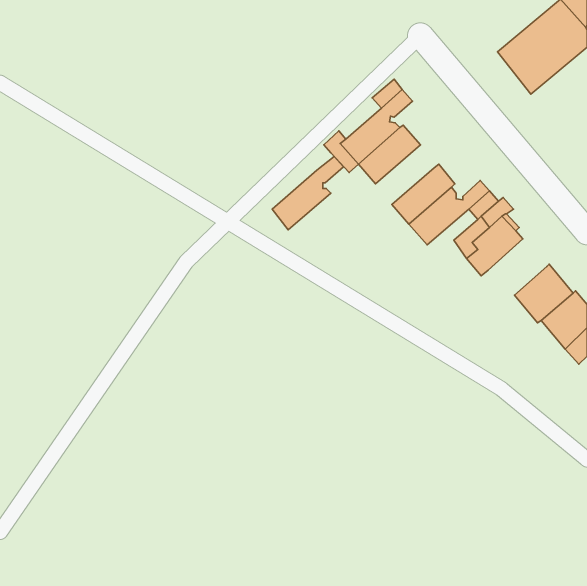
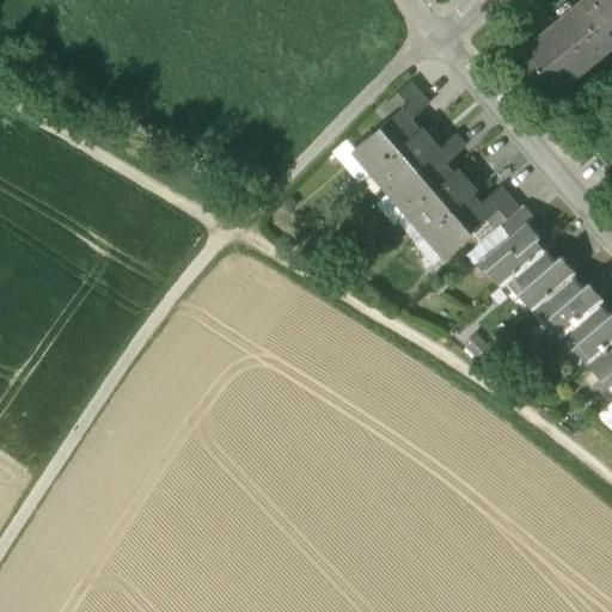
building: [272,156,343,230] -> [391,136,465,213]
building: none -> [508,249,569,310]

